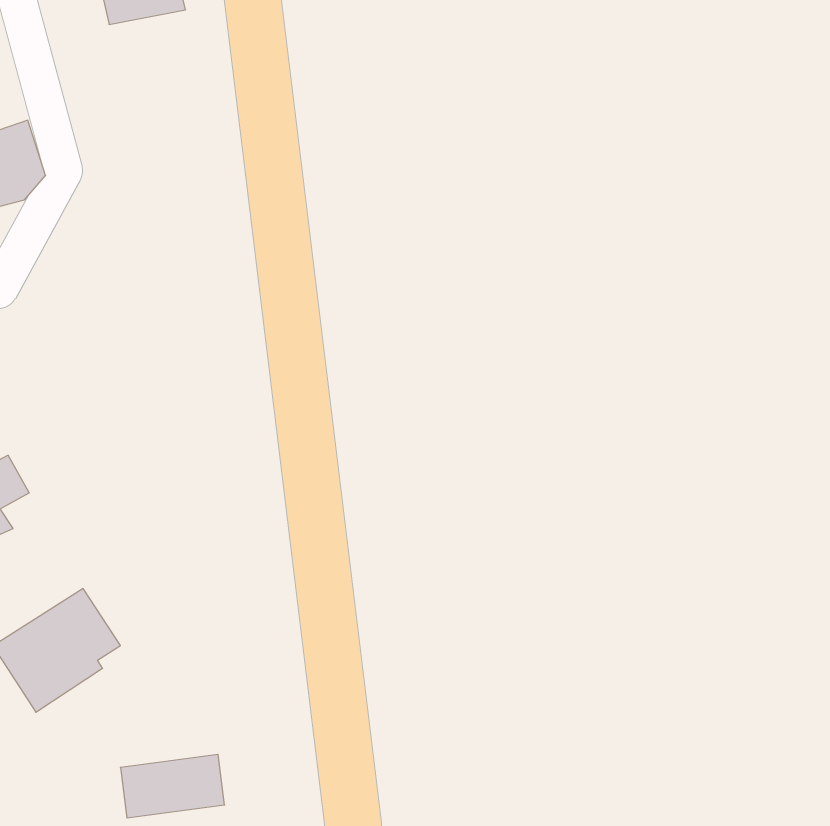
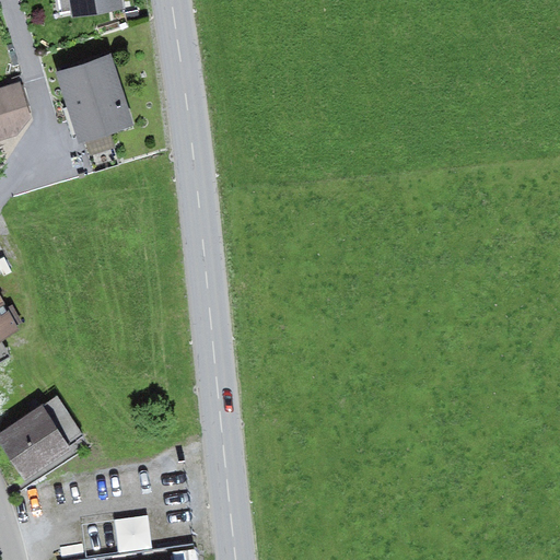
building: none -> [56,56,133,144]

